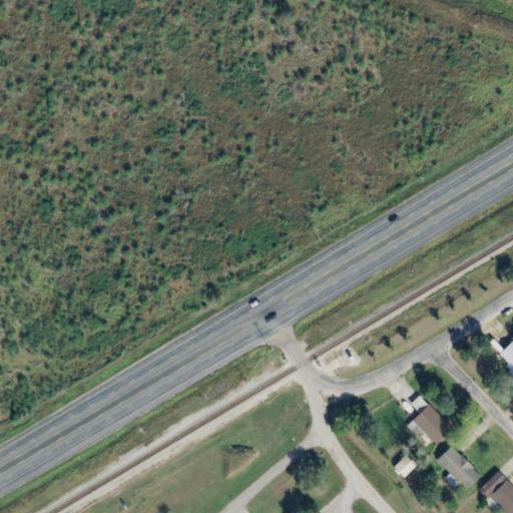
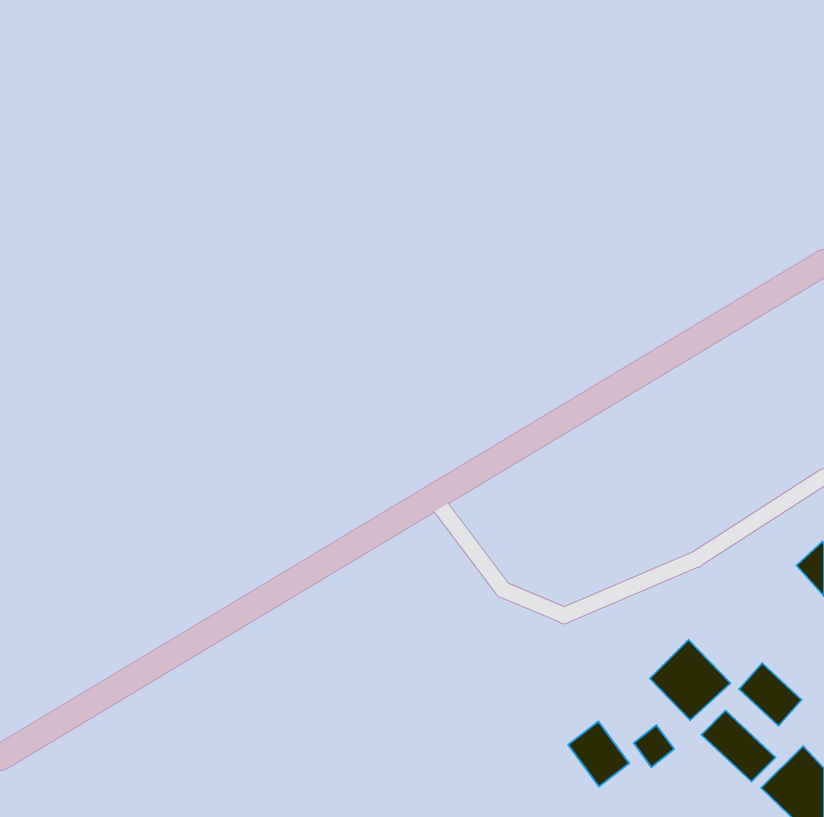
building: none -> [739,663,802,726]
building: none -> [568,721,629,786]

